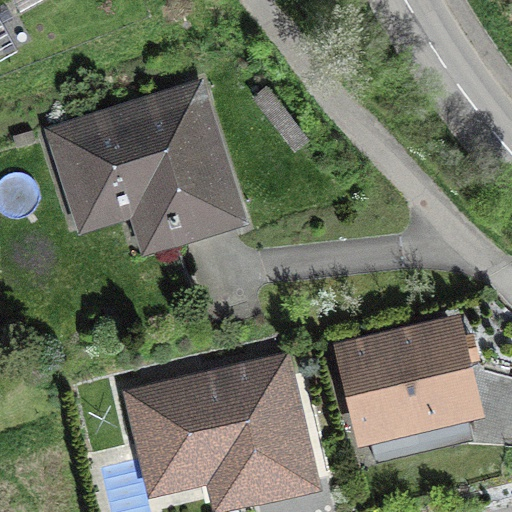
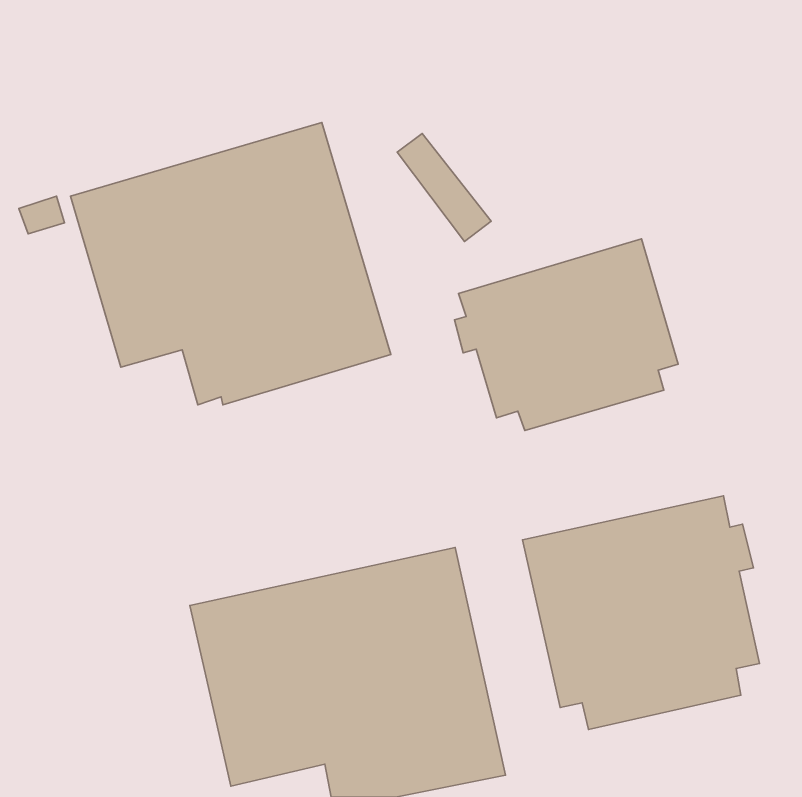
building: none -> [454,239,678,431]

